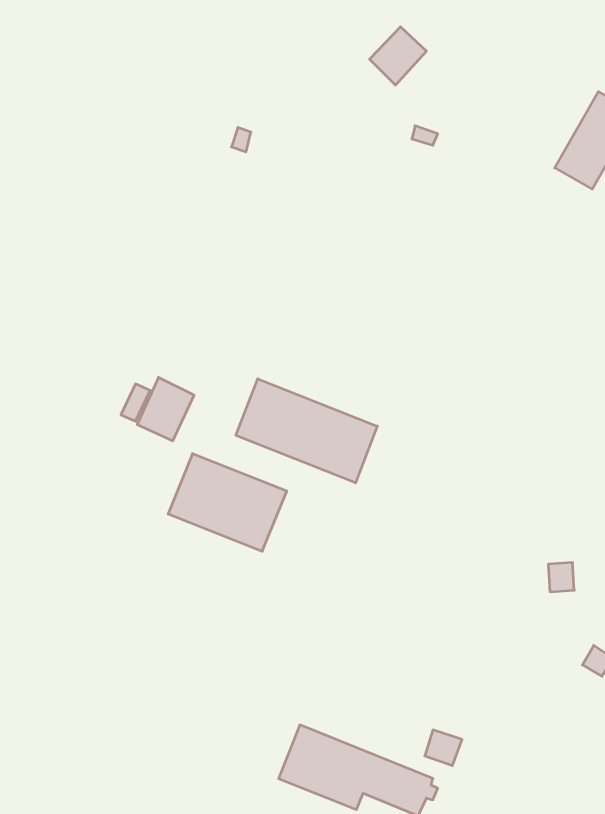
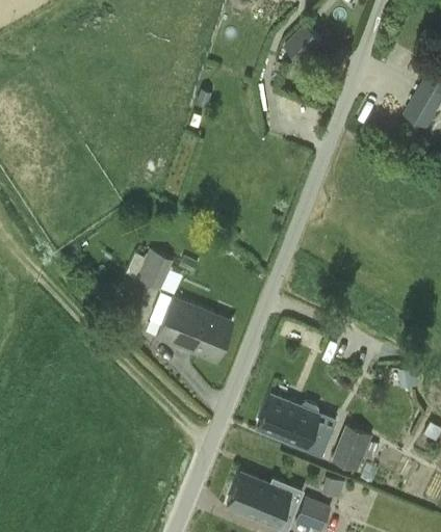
building: [236,379,377,483] -> none
building: none -> [256,395,336,456]
building: none -> [330,427,378,474]

